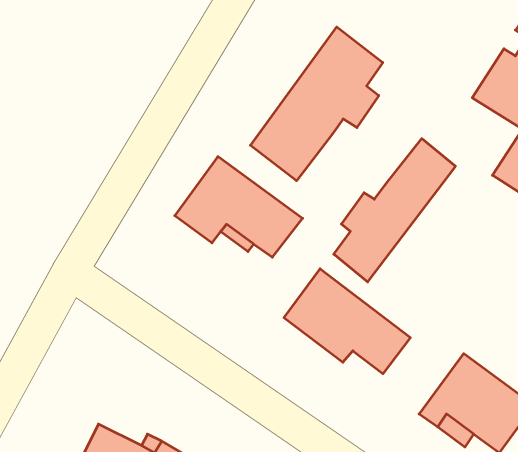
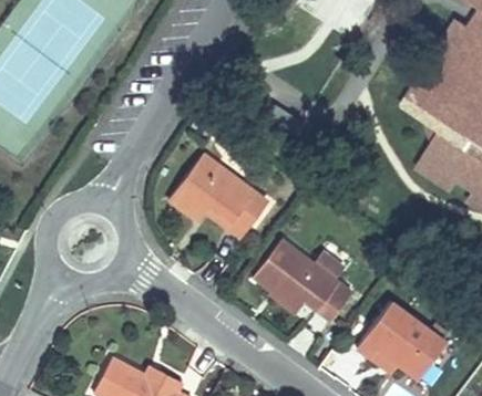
building: [250,27,383,181] -> none
building: [334,139,455,282] -> none

